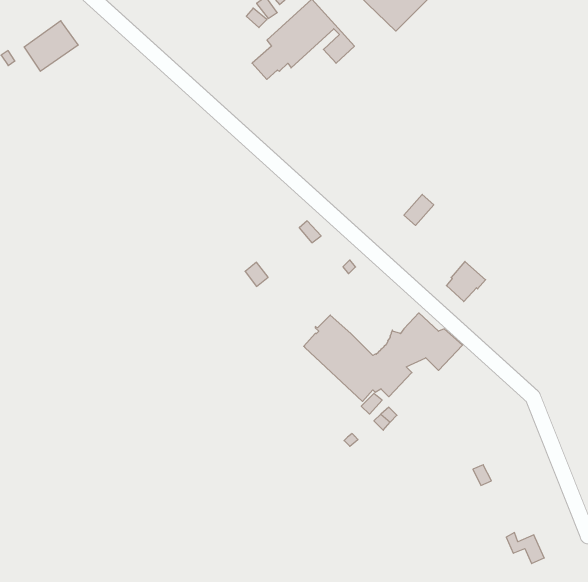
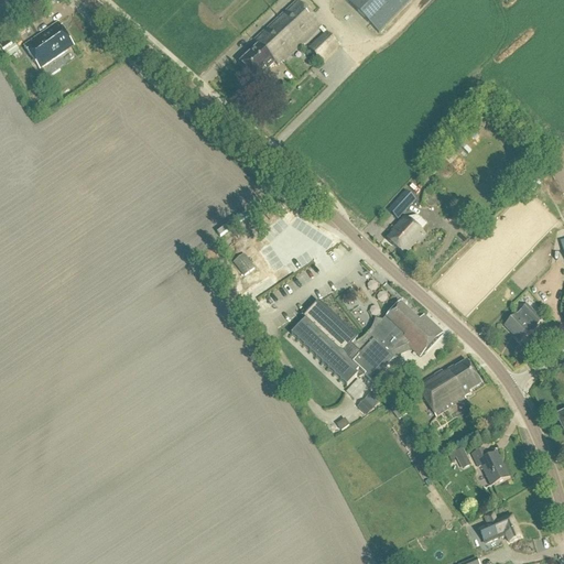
building: [446,261,486,302] -> [387,215,424,253]
building: none -> [506,302,542,339]
building: none -> [417,358,481,414]
building: none -> [471,446,509,484]

